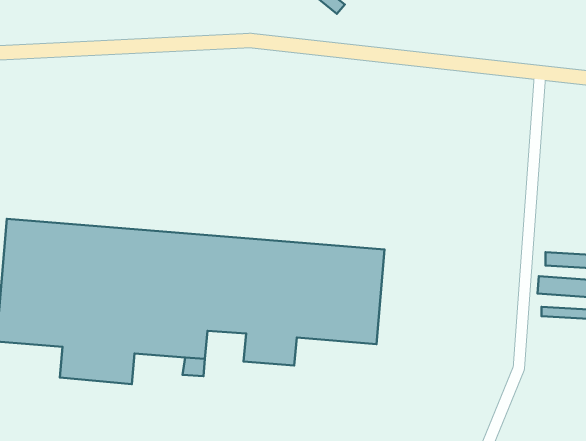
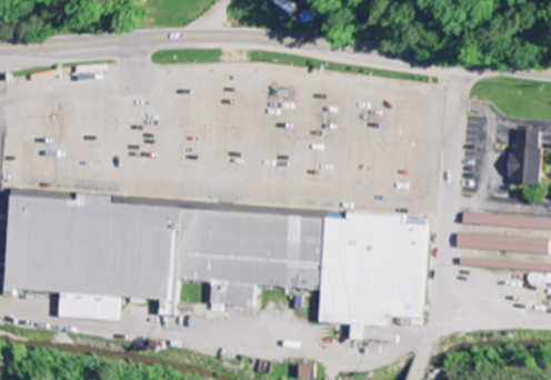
building: none -> [319,210,429,340]

